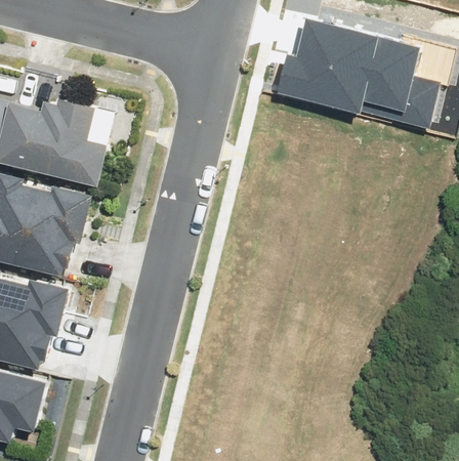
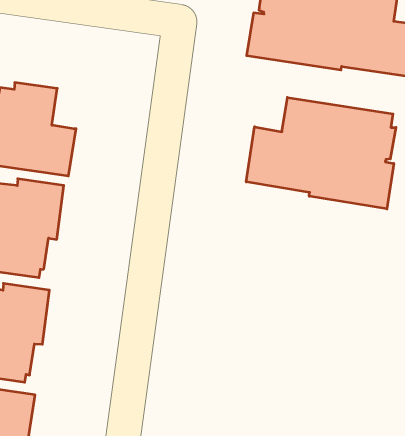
building: none -> [246,97,396,209]

